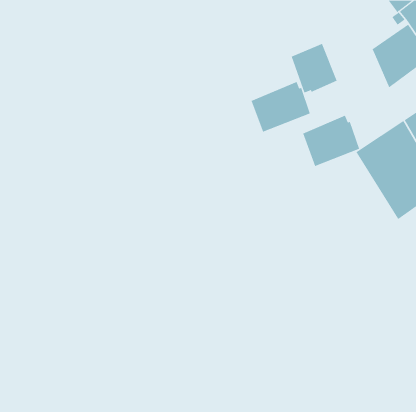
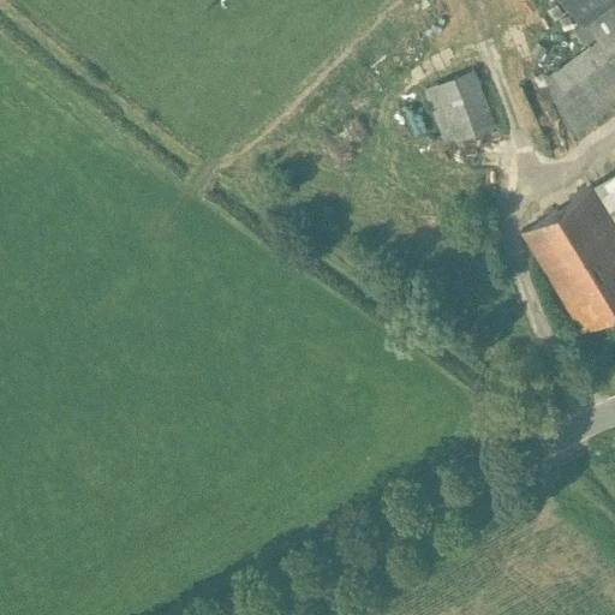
building: [251,81,311,133] -> none
building: [302,115,360,167] -> none

